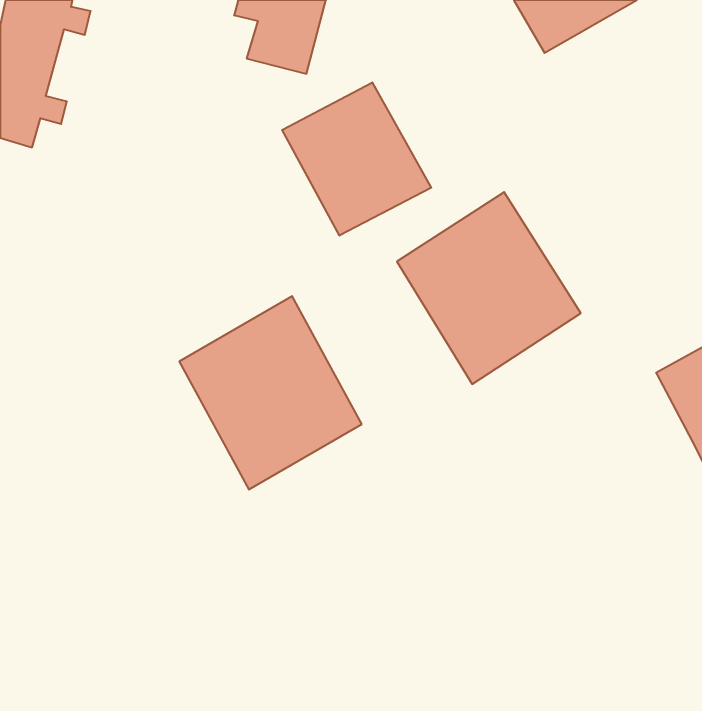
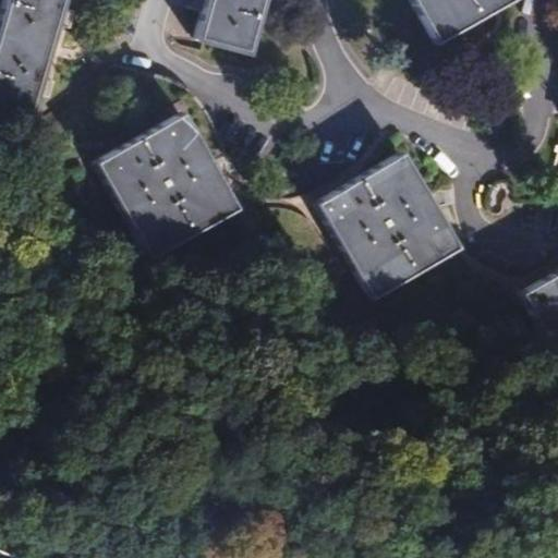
building: [282,82,431,236] -> none
building: [179,296,362,490] -> [99,111,242,263]

